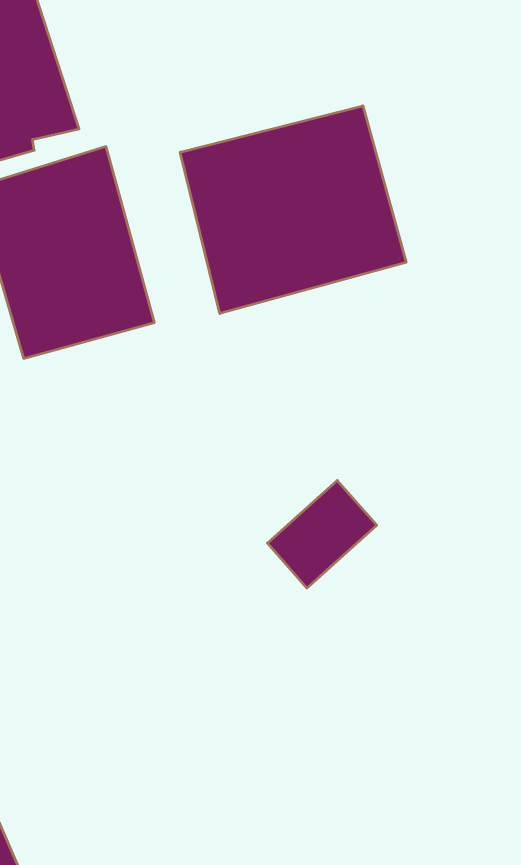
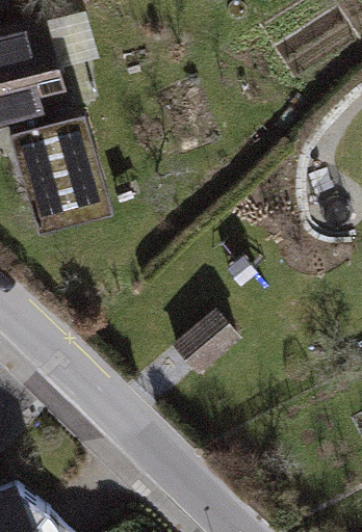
building: [180,106,406,314] -> none

